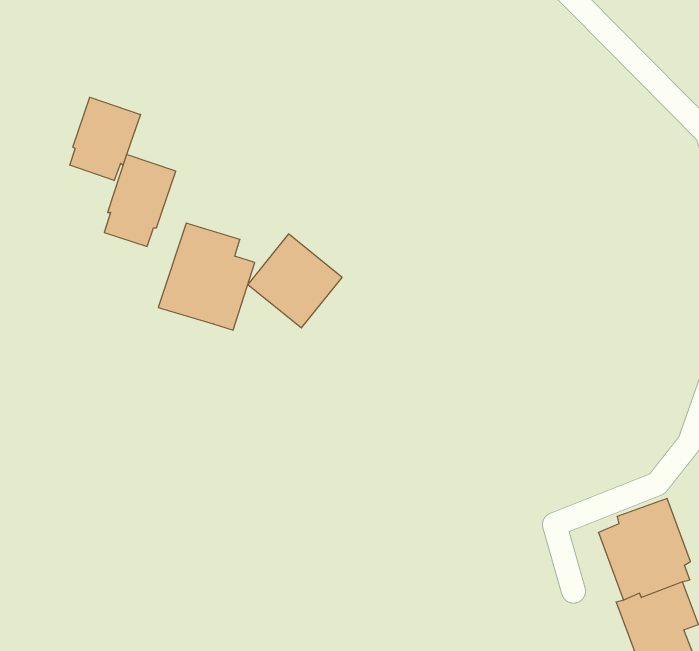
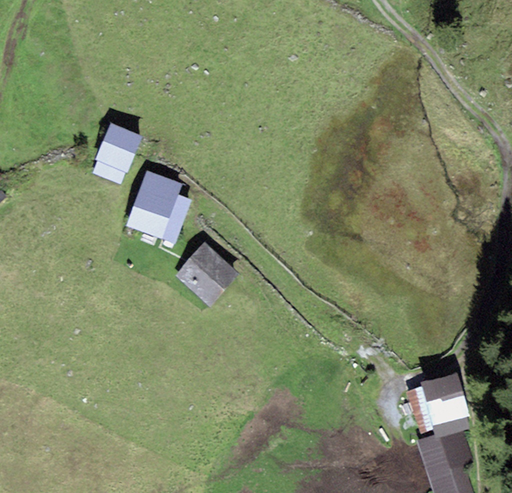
building: [70,97,141,181] -> none
building: [248,234,342,328] -> [175,242,238,305]

